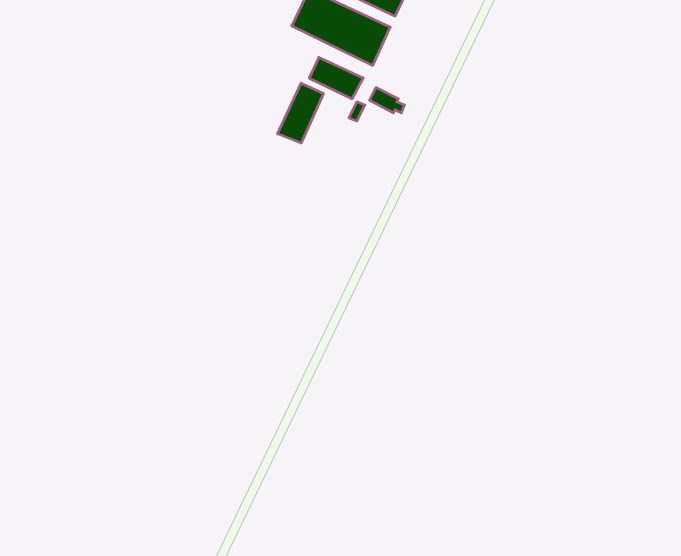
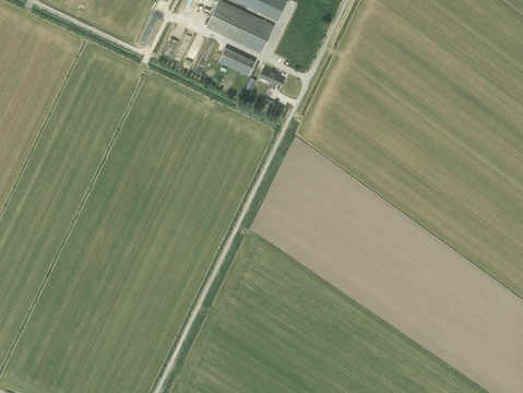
building: [278,83,323,143] -> none

